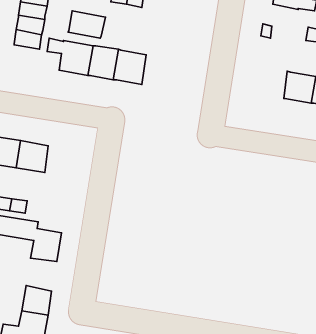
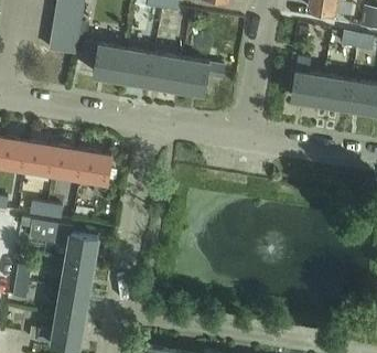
building: [68,11,105,38] -> none
building: none -> [290,57,322,104]
building: none -> [176,60,223,94]
building: none -> [79,151,111,197]
building: none -> [61,264,91,297]

